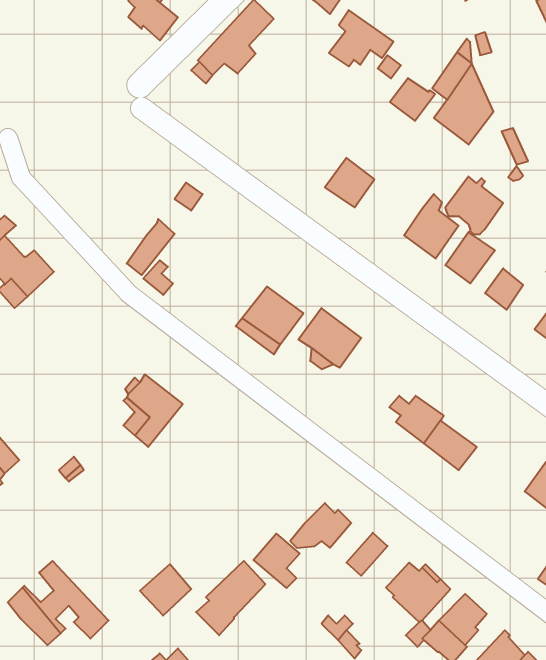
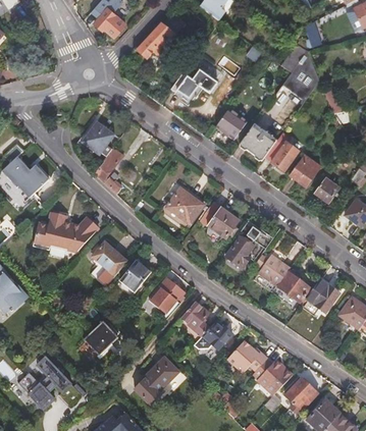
building: [329,10,393,66] -> [176,62,216,97]
building: [390,78,435,121] -> none
building: [445,176,503,234] -> [240,123,275,159]
building: none -> [82,121,113,156]
building: none -> [35,212,99,252]
building: none -> [225,229,268,266]
building: none -> [121,261,149,290]
building: none -> [154,277,185,310]
building: none -> [305,278,338,311]
building: [253,534,300,588] -> [182,300,211,333]
building: none -> [238,347,268,371]
building: [140,564,191,616] -> [86,322,117,354]

